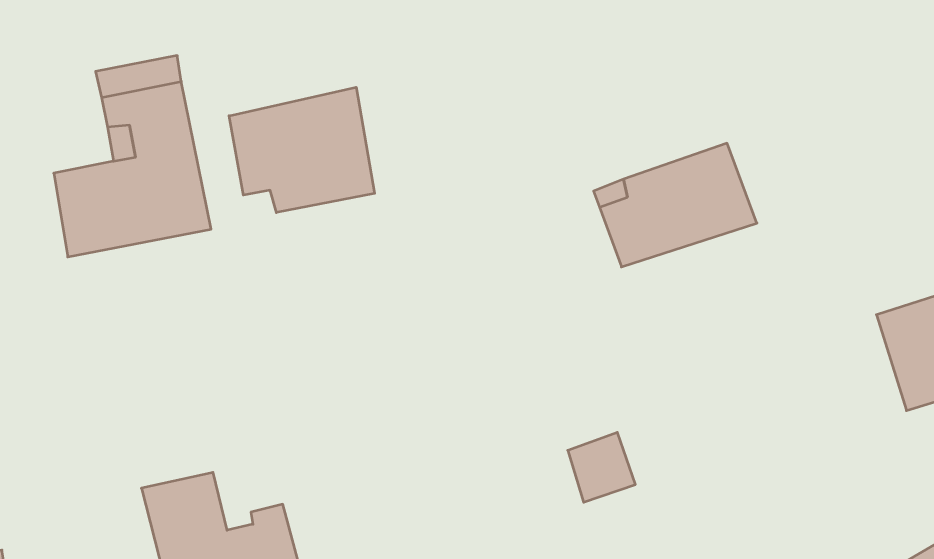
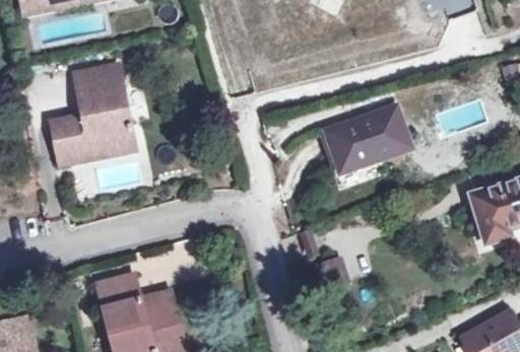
building: [229,87,375,213] -> none

